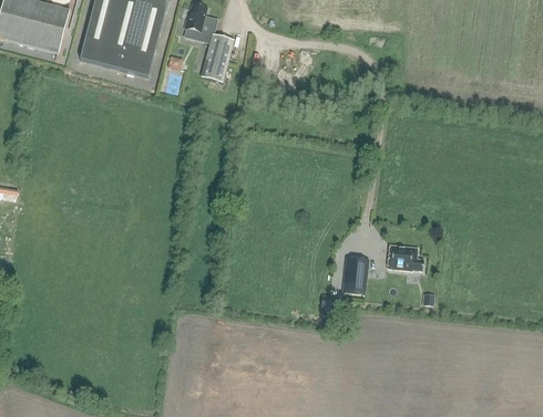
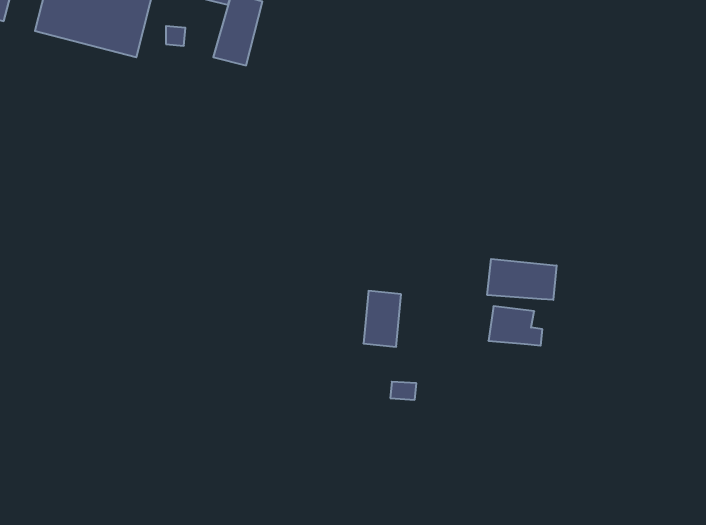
building: none -> [487,259,557,300]
building: [341,256,367,293] -> [363,291,401,347]

